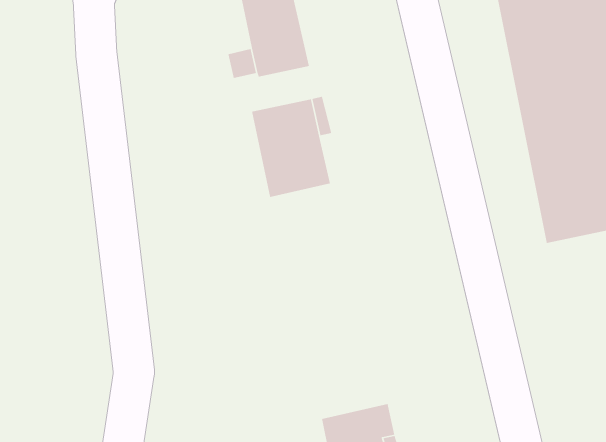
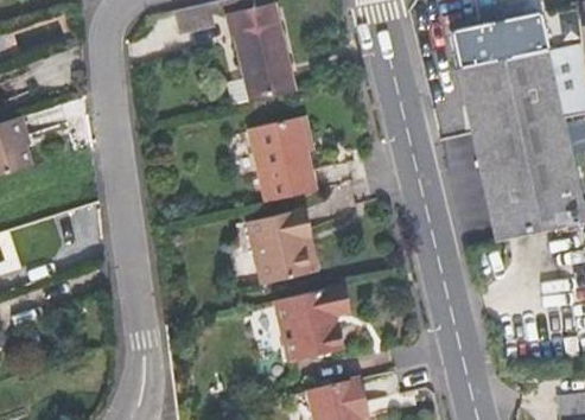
building: none -> [248,211,316,281]
building: none -> [276,284,349,361]

